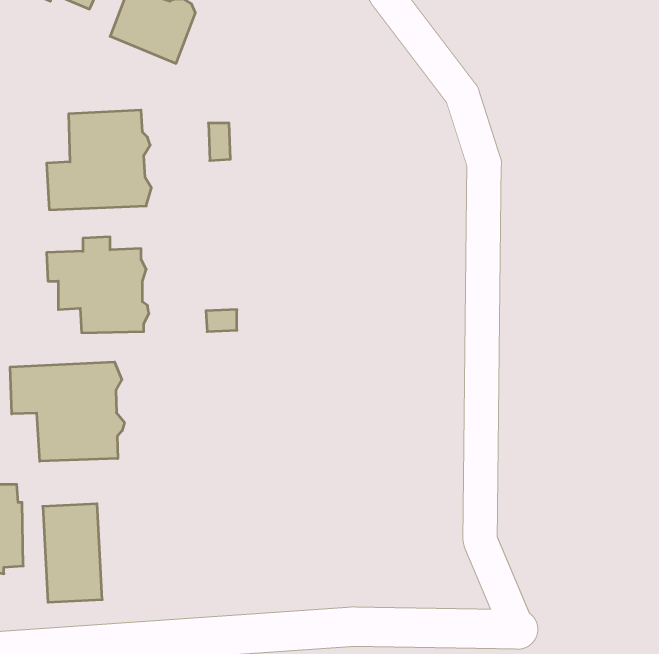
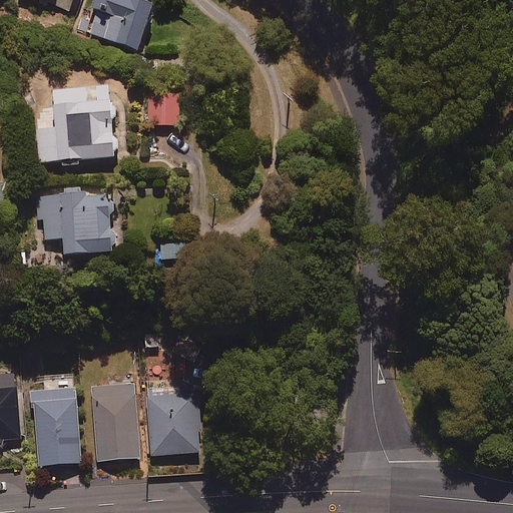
building: [10,362,124,461] -> none
building: none -> [145,383,199,454]
building: none -> [92,384,138,461]

